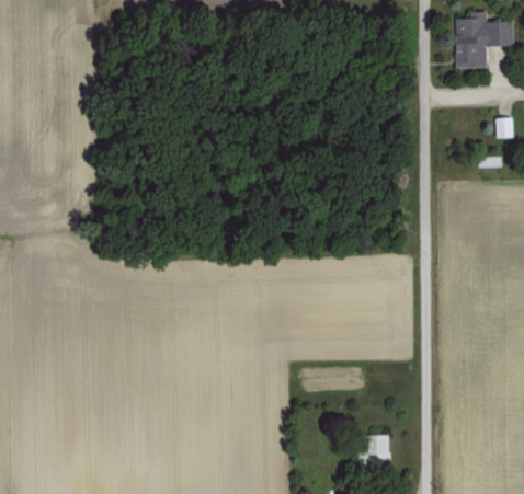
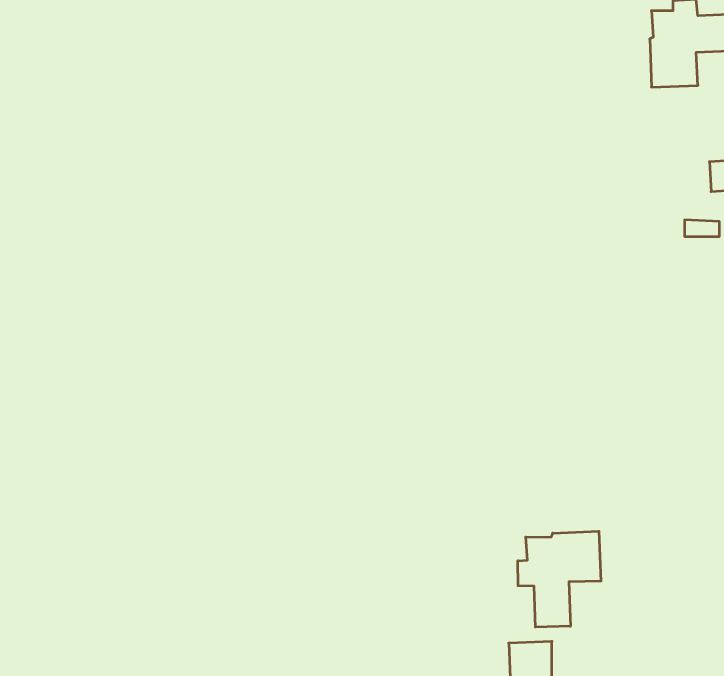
building: none -> [518,531,601,627]

